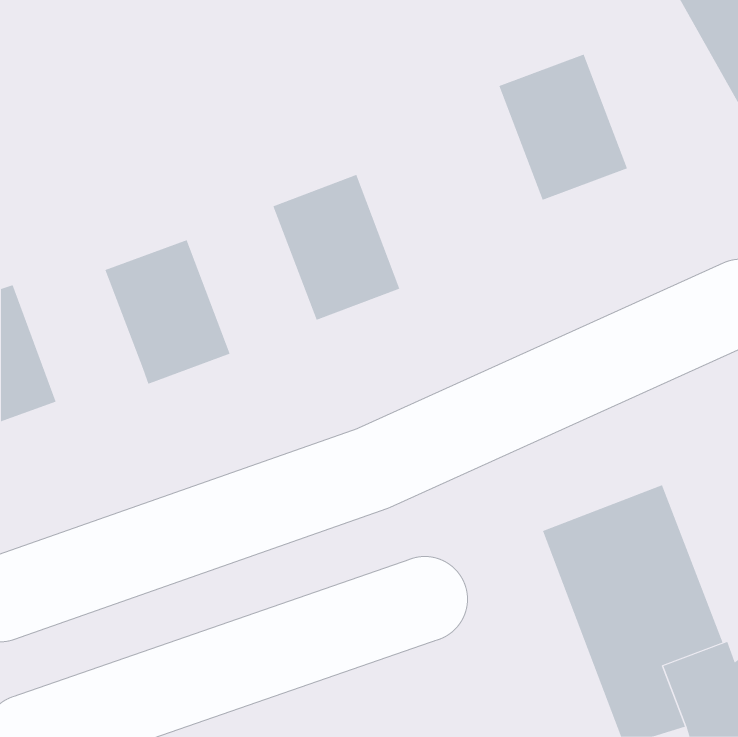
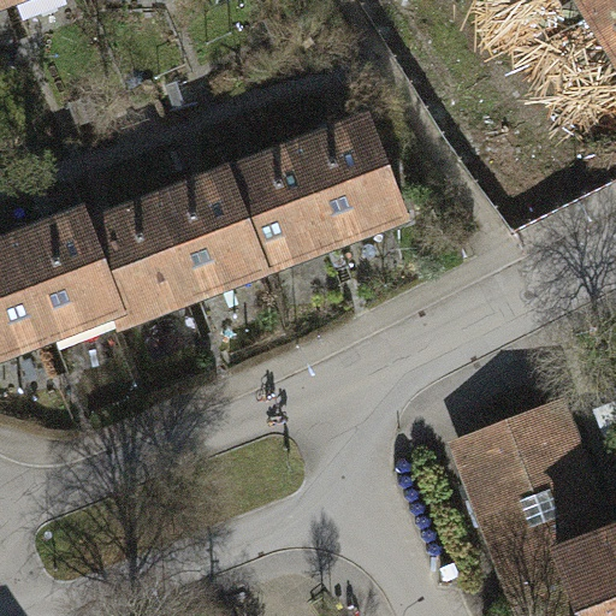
building: [499,54,628,200] -> [298,118,405,239]
building: none -> [158,171,265,294]
building: none -> [13,209,120,333]

